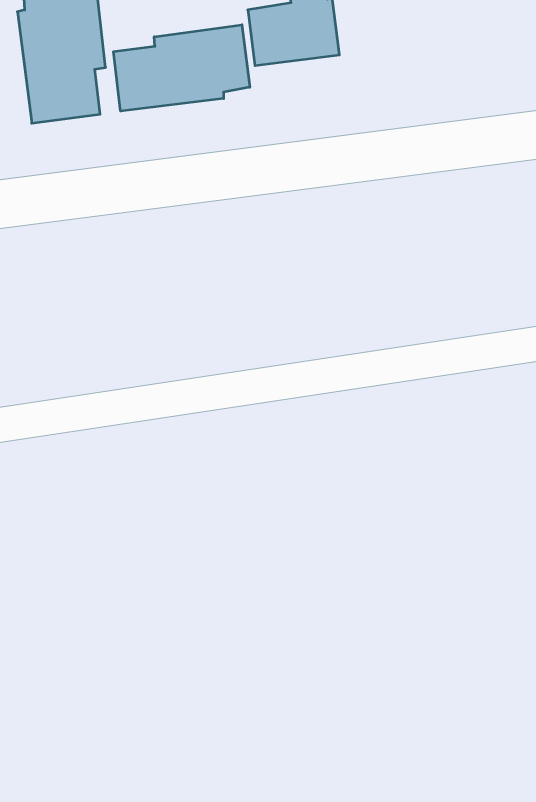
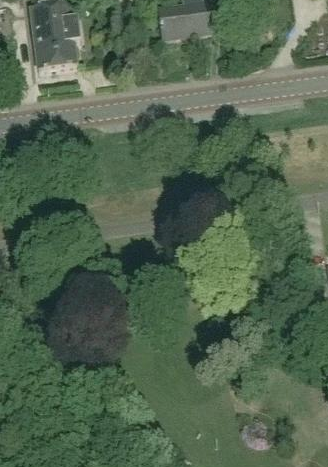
building: [114,25,250,111] -> none

